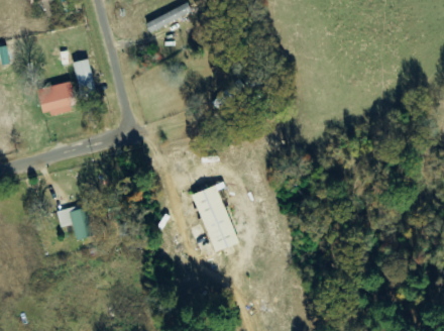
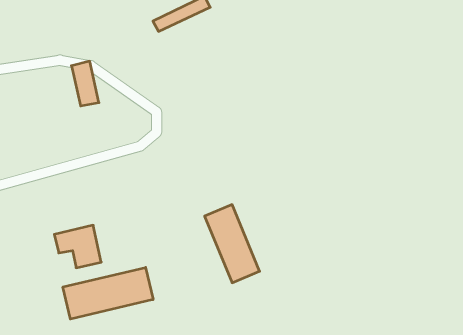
building: [36,82,75,116] -> none
building: none -> [63,267,153,319]

